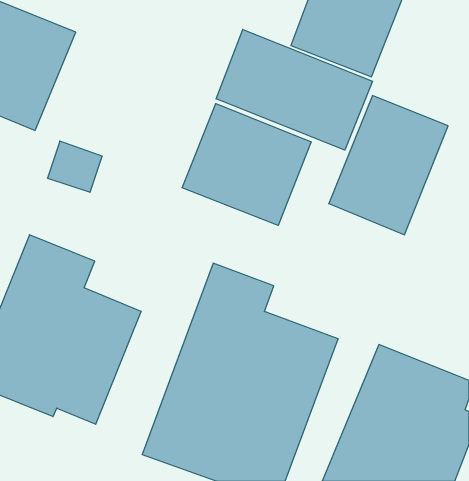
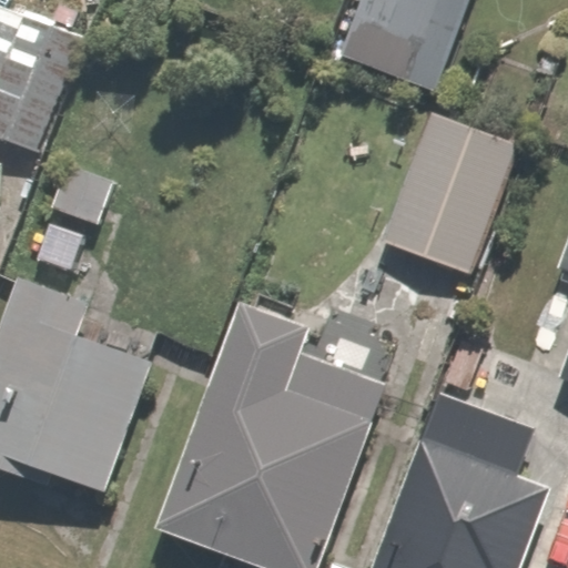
building: [216,29,372,150] -> none
building: [182,104,311,225] -> none

